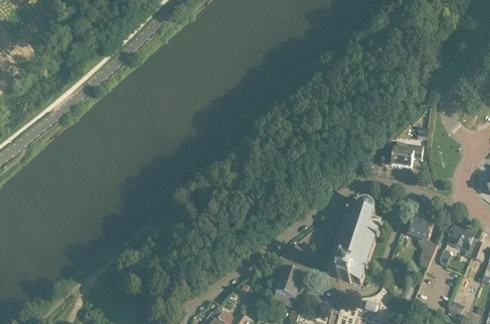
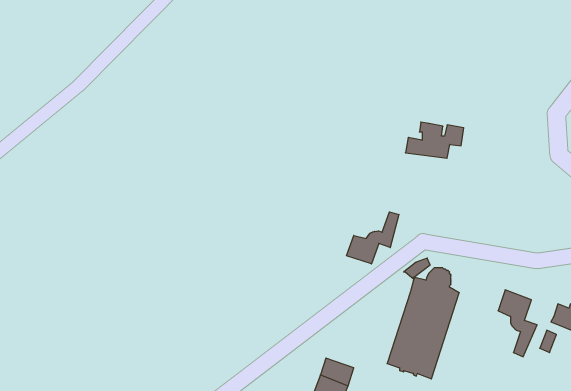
building: [381,141,424,167] -> [405,122,464,158]
building: none -> [347,212,399,264]

